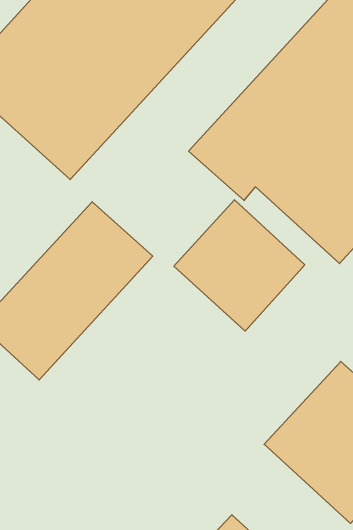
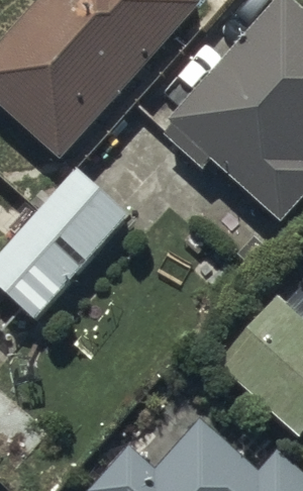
building: [174,200,305,331] -> none

